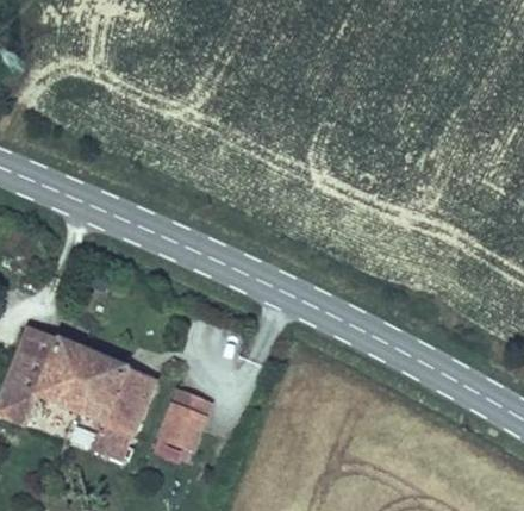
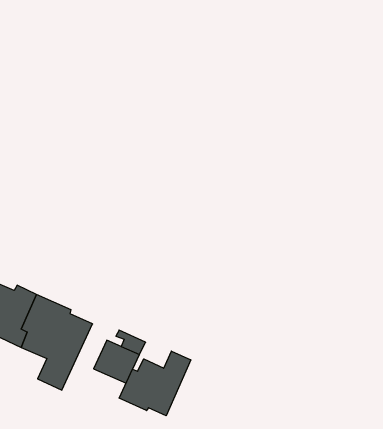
building: none -> [119,351,191,416]

